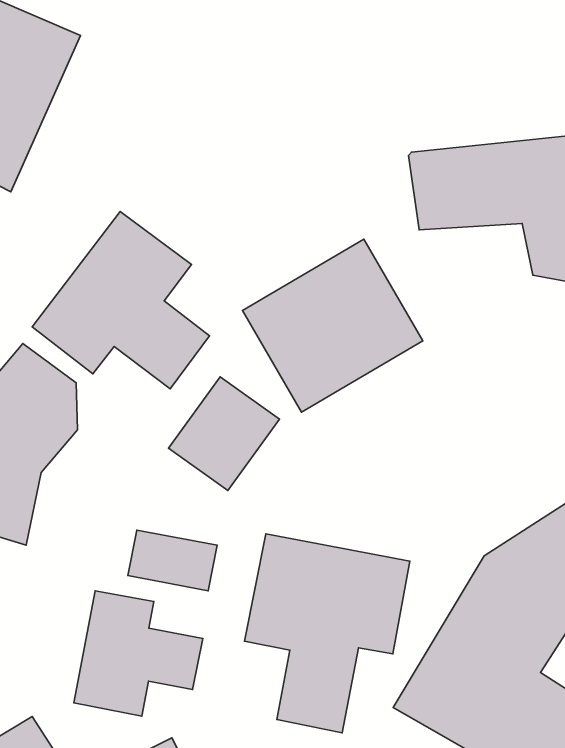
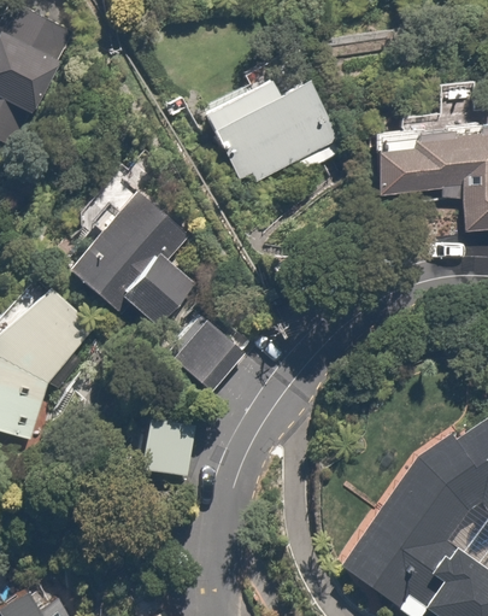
building: [242,239,423,412] -> [198,61,341,199]
building: [245,534,410,733] -> none
building: [74,591,203,716] -> none

